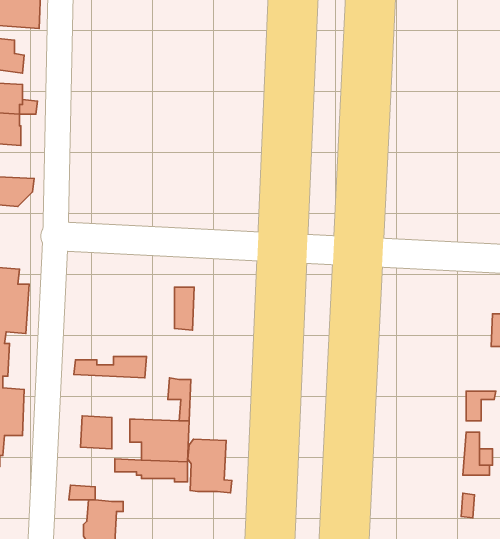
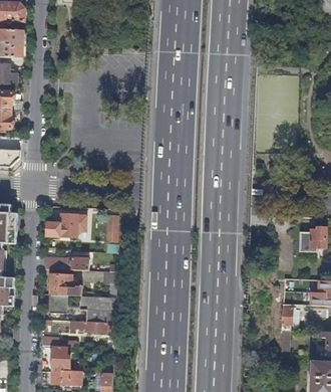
building: none -> [47,213,77,236]
building: none -> [50,274,82,296]
building: [188,439,232,493] -> none

